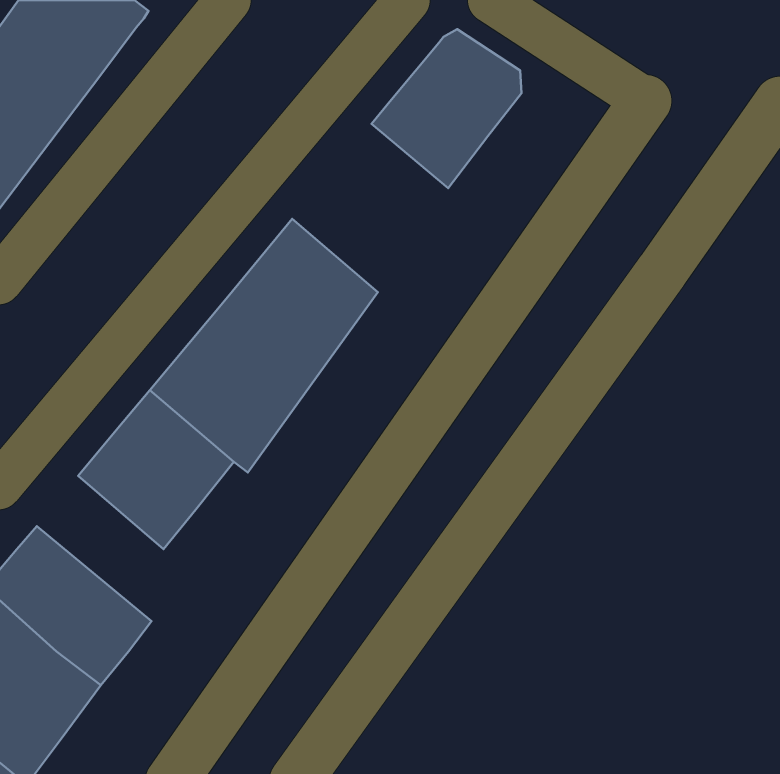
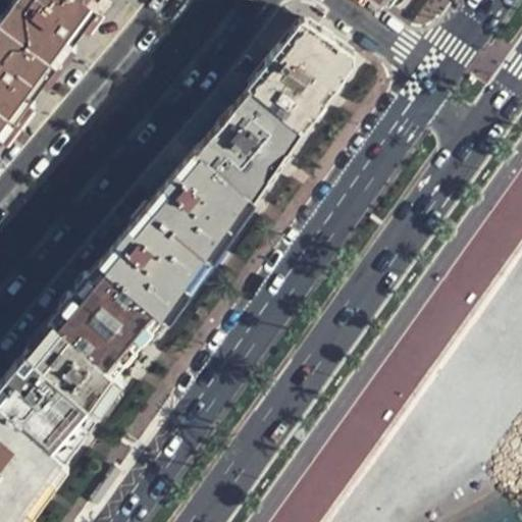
building: none -> [195,88,299,200]
building: none -> [24,322,128,419]

